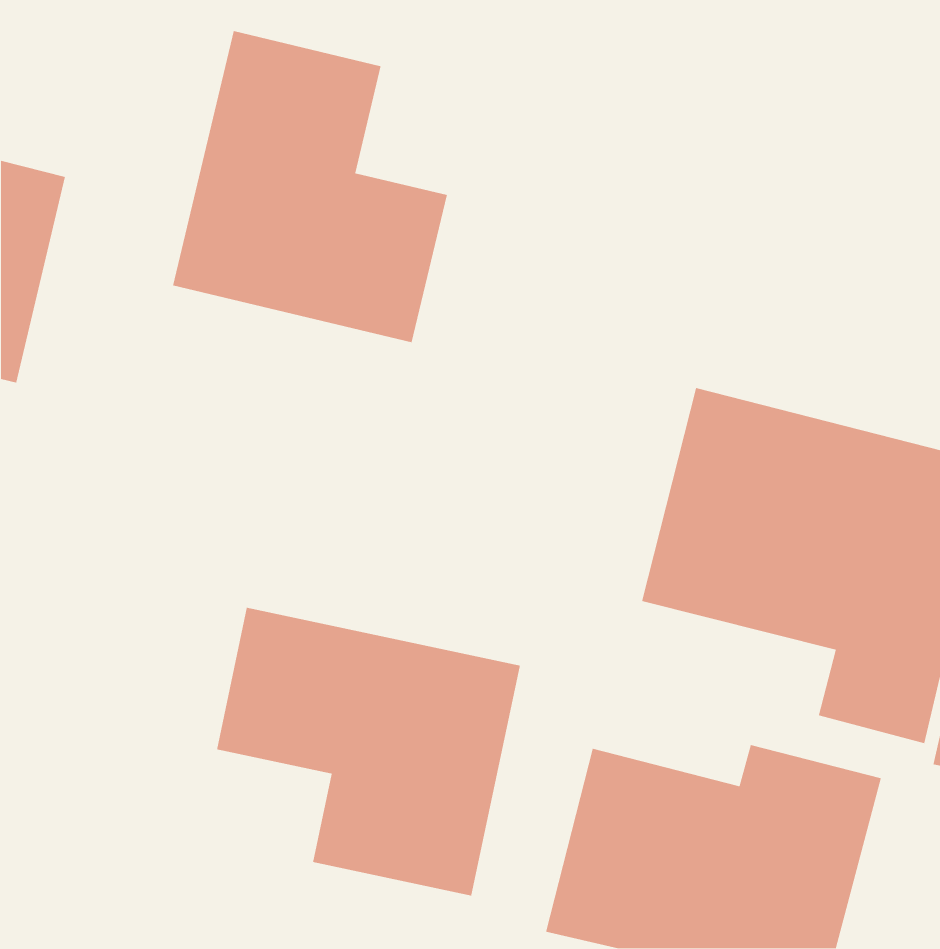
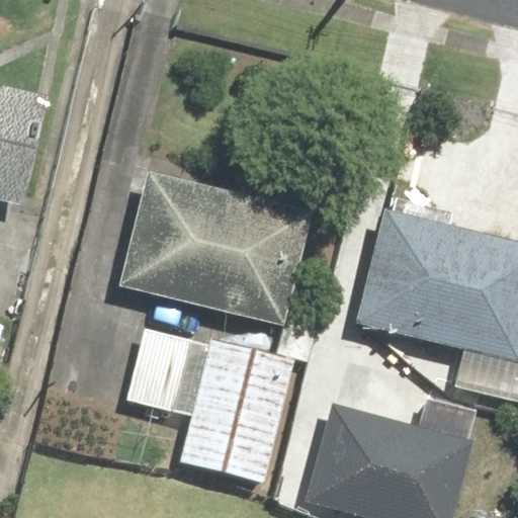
building: [172,30,448,343] -> none
building: none -> [117,171,310,326]

